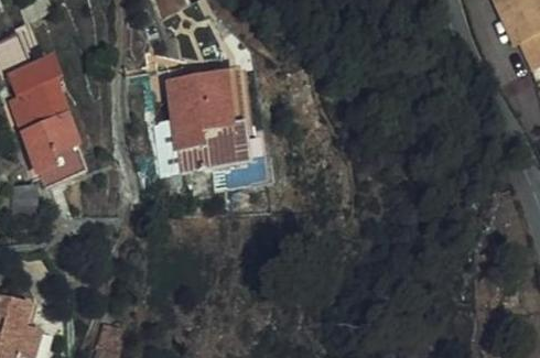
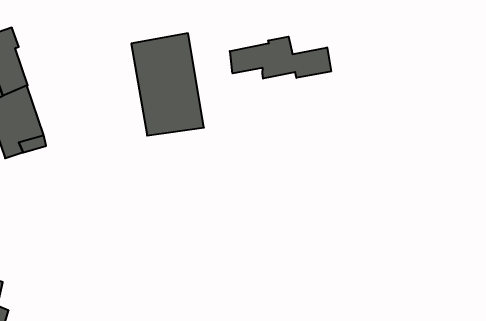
building: none -> [230,37,331,79]

